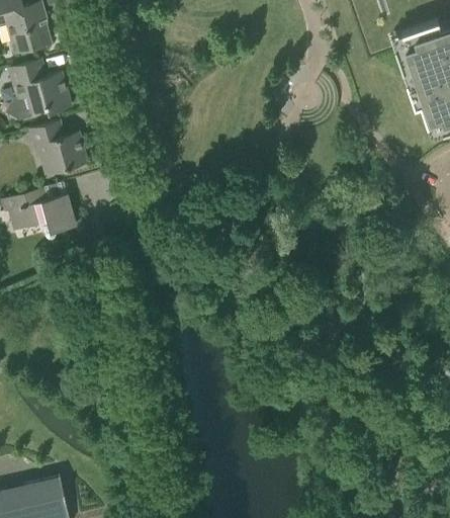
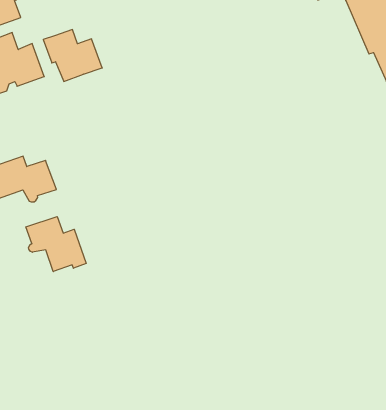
building: [29,120,89,174] -> [43,30,102,81]
building: none -> [26,217,86,272]

